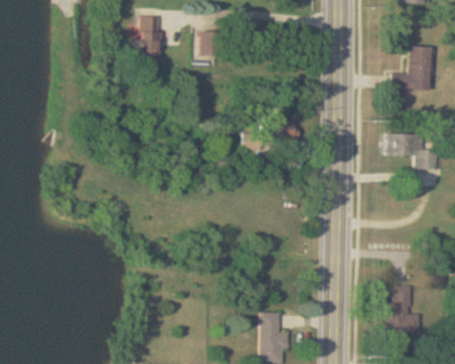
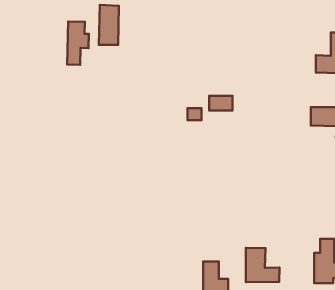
building: [199,31,219,53] -> none
building: none -> [67,22,89,65]
building: none -> [246,248,279,282]

